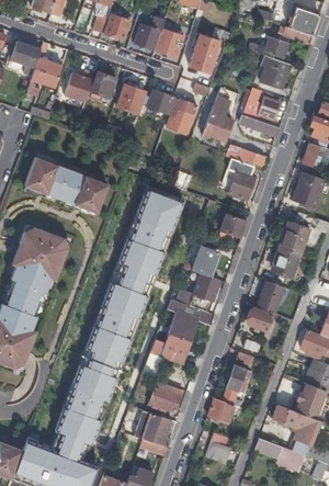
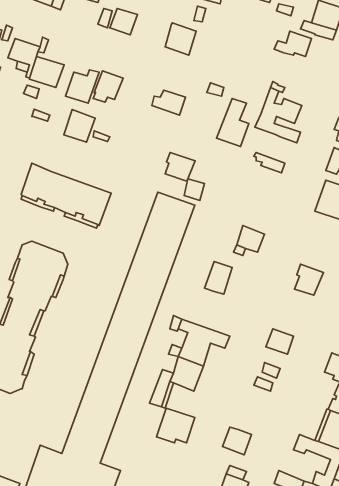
building: [134,16,164,49] -> none
building: [189,35,219,74] -> none
building: [261,56,291,88] -> none
building: [116,84,145,114] -> [64,110,95,142]
building: [170,98,197,124] -> [165,152,195,181]
building: [219,158,253,197] -> none
building: [279,222,309,257] -> none
building: [173,274,219,313] -> none
building: [258,282,283,314] -> none
building: [222,365,250,407] -> none
building: [132,410,171,448] -> none

